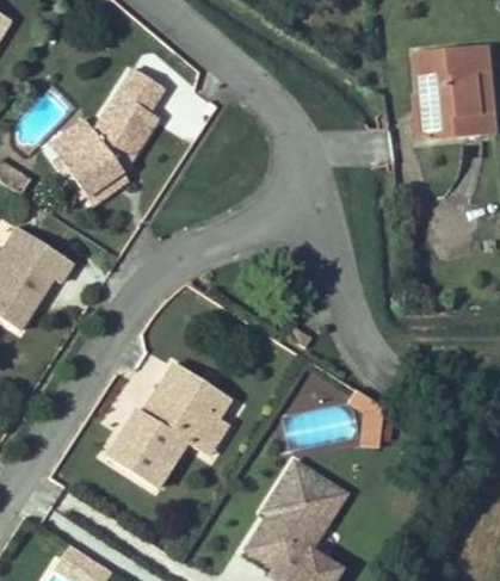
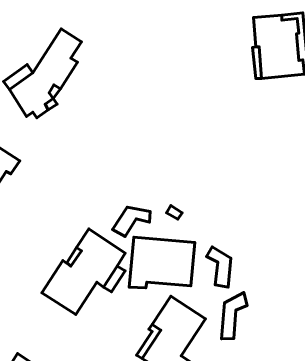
building: none -> [112,207,150,236]
building: none -> [129,237,195,288]
building: none -> [221,292,247,339]

